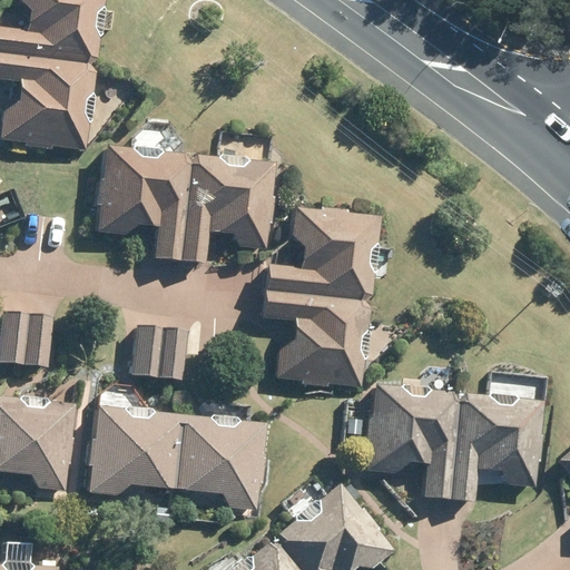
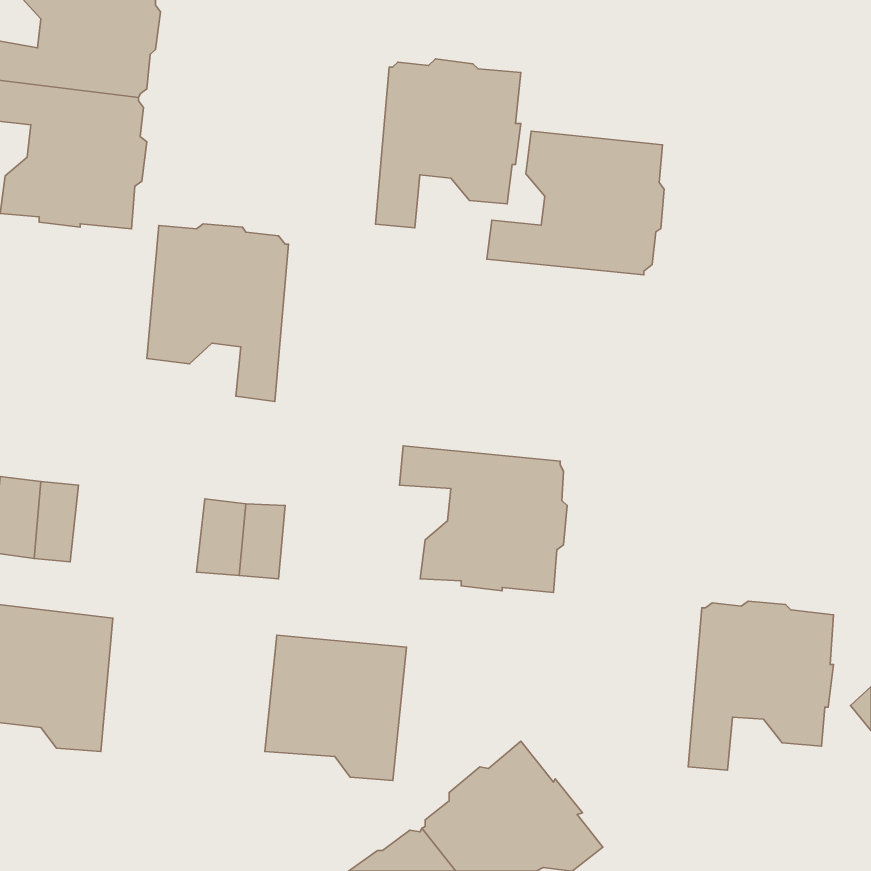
building: [179,154,274,264] -> [376,59,521,228]
building: [263,207,379,301] -> [487,131,664,275]
building: [365,384,458,500] -> none
building: [87,406,180,494] -> none

